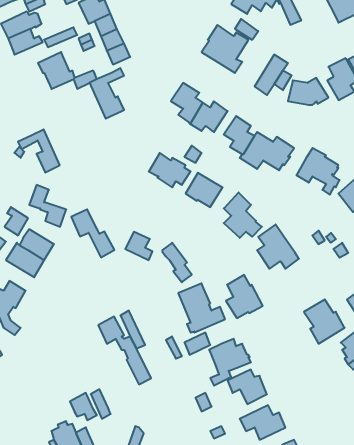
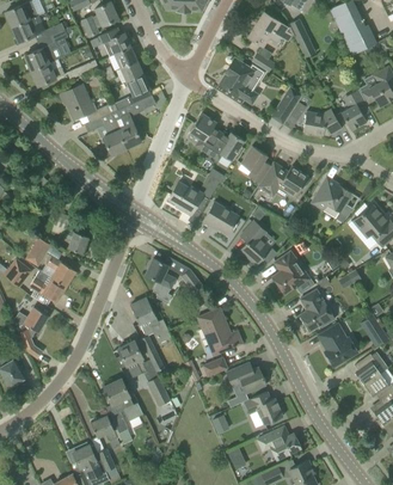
building: [18,129,60,172] -> [85,113,125,155]
building: [71,209,114,257] -> [130,297,172,344]
building: [226,275,263,318] -> [299,289,334,331]
building: none -> [104,379,142,420]

